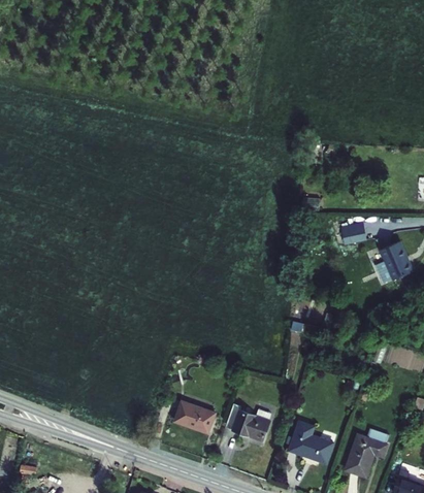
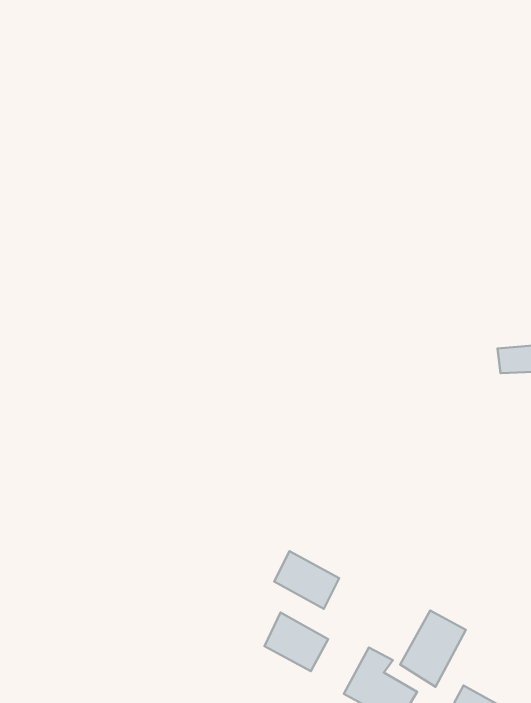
building: none -> [400,610,466,687]
building: [175,399,214,430] -> [274,551,339,609]

